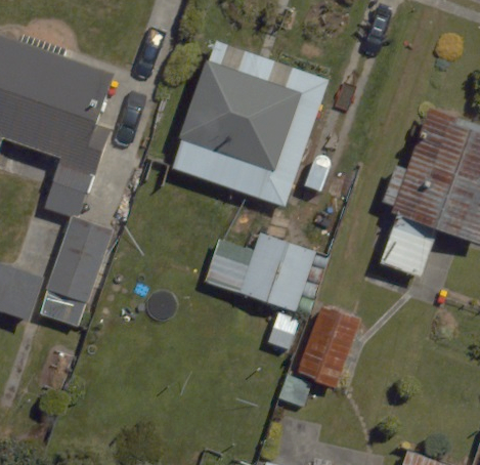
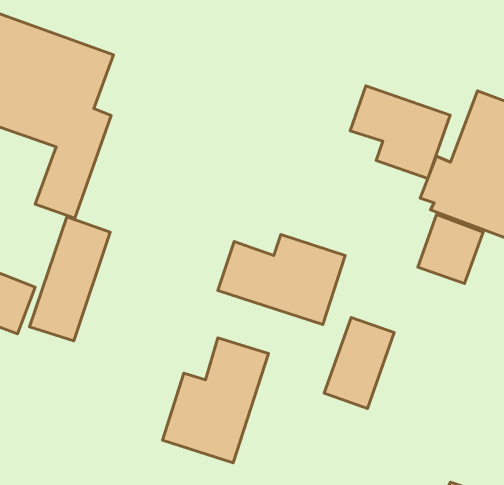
building: [177,60,301,172] -> none
building: none -> [350,86,450,178]
building: none -> [163,338,269,463]

